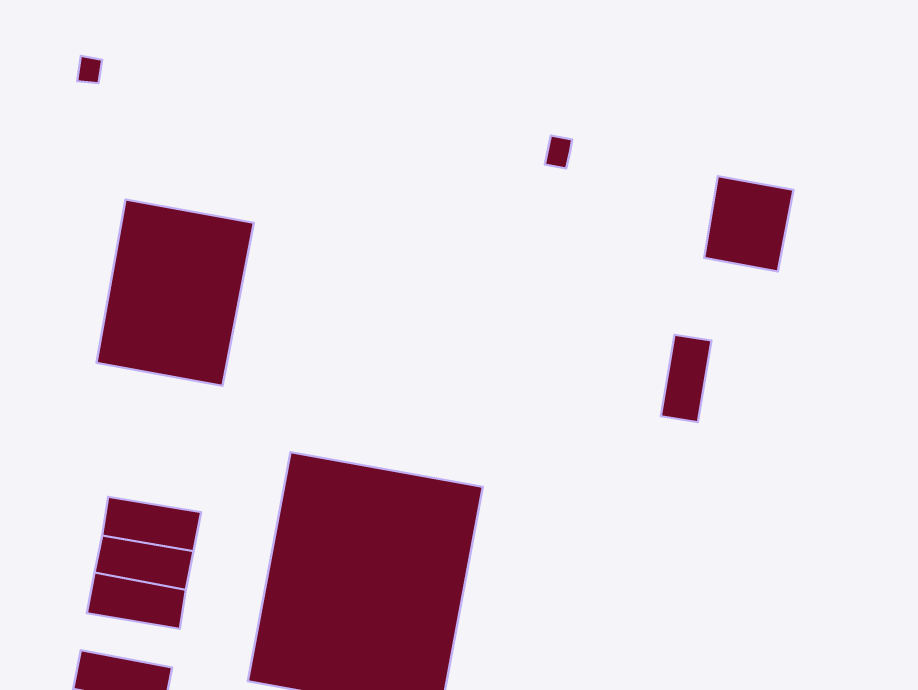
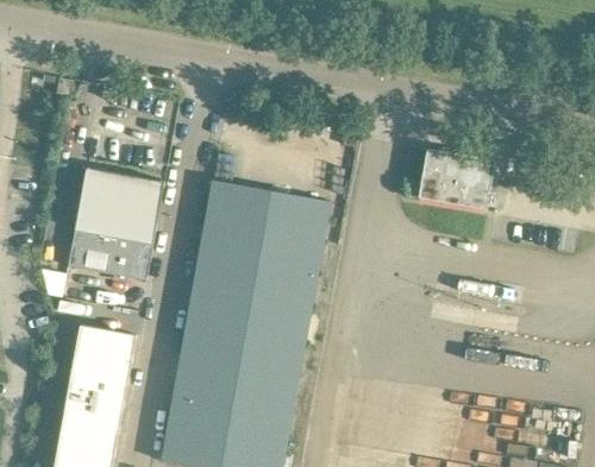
building: none -> [187,181,330,342]
building: [661,335,711,422] -> [418,149,449,202]
building: none -> [75,324,136,358]
building: none -> [58,419,119,453]

